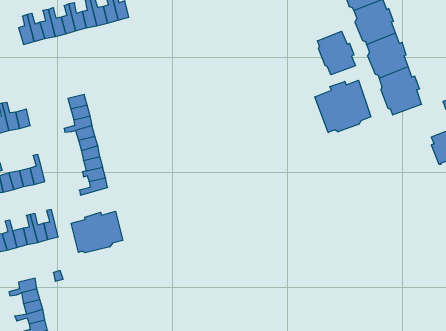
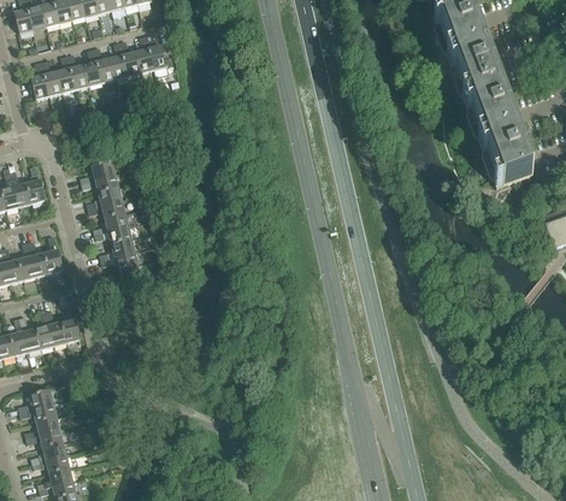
building: [317,31,356,75] -> none
building: [315,80,371,133] -> none
building: [71,211,123,253] -> none

